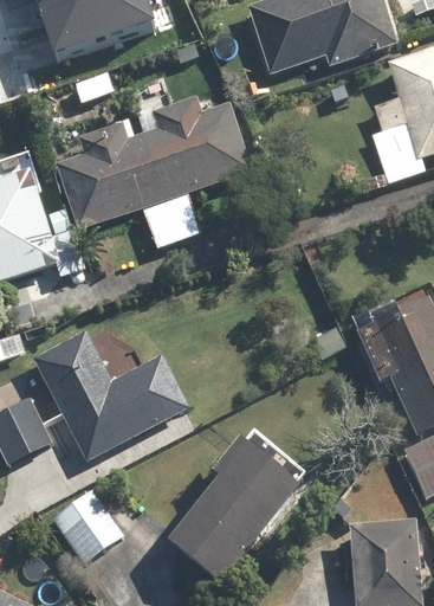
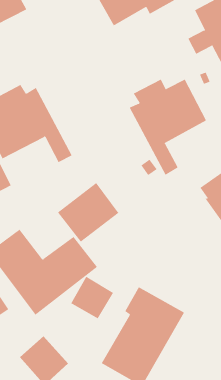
building: [143,101,252,240] -> [129,79,207,176]
building: none -> [57,182,119,243]
building: none -> [70,276,114,319]

